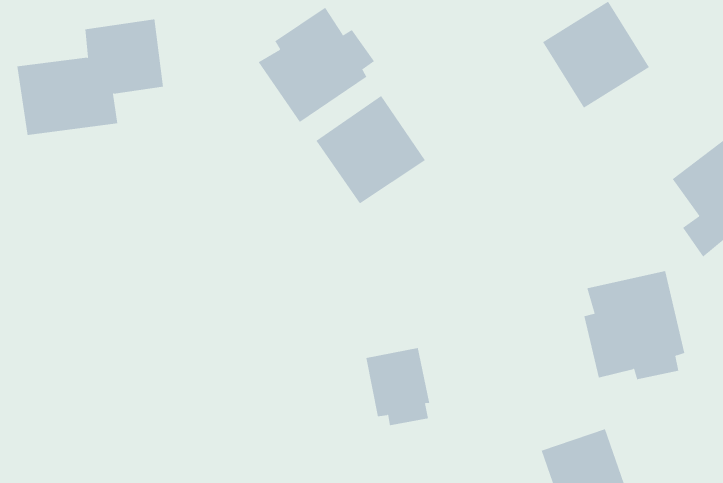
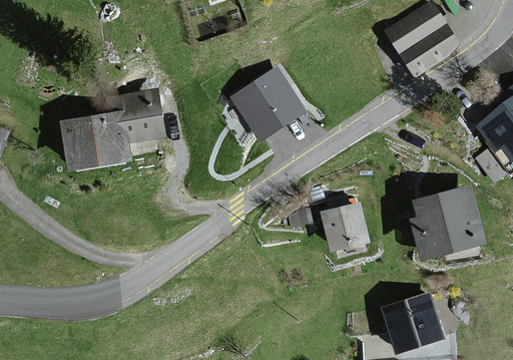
building: [258,7,375,123] -> none
building: [17,19,164,135] -> [62,89,162,168]
building: [366,348,430,426] -> [323,204,367,257]

